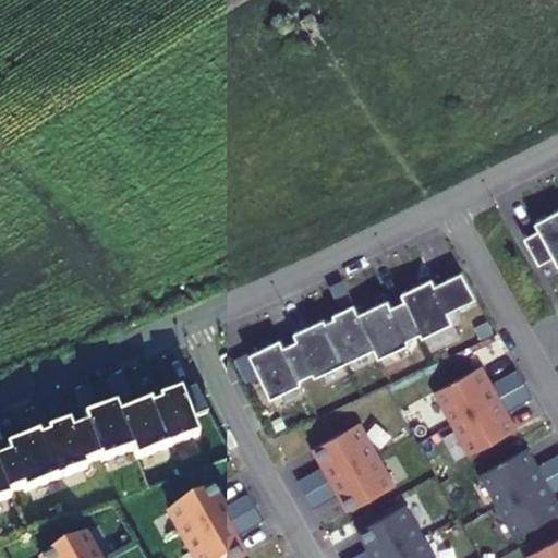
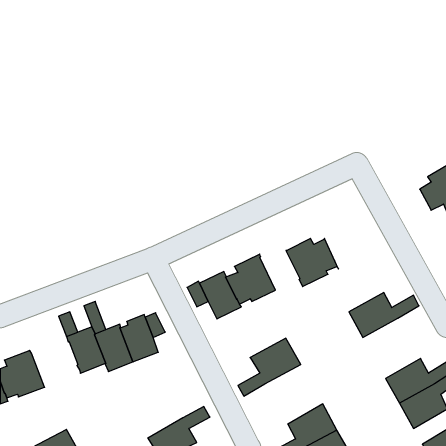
building: [402,271,476,337] -> none
building: [325,304,375,363] -> none
building: [453,383,531,453] -> none
building: [40,426,100,484] -> none
building: [305,456,392,510] -> none
building: [167,489,255,547] -> none

